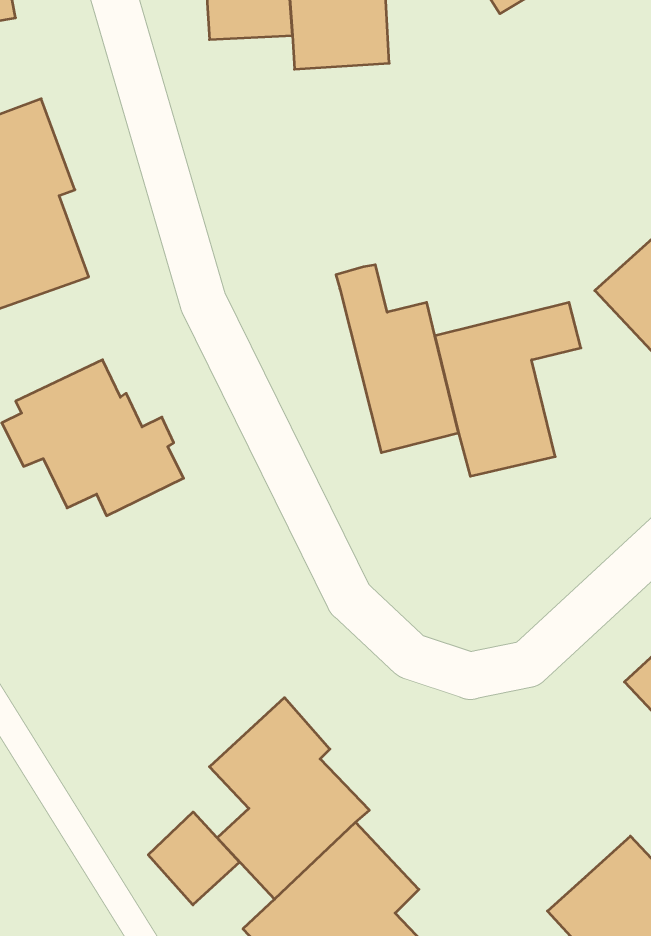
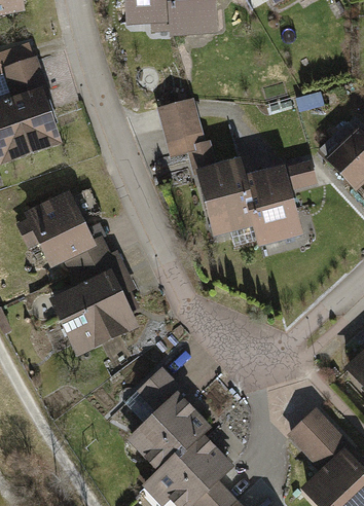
building: none -> [155,99,204,159]
building: none -> [49,249,140,358]
building: none -> [287,397,349,460]
building: [148,812,239,905] -> none

